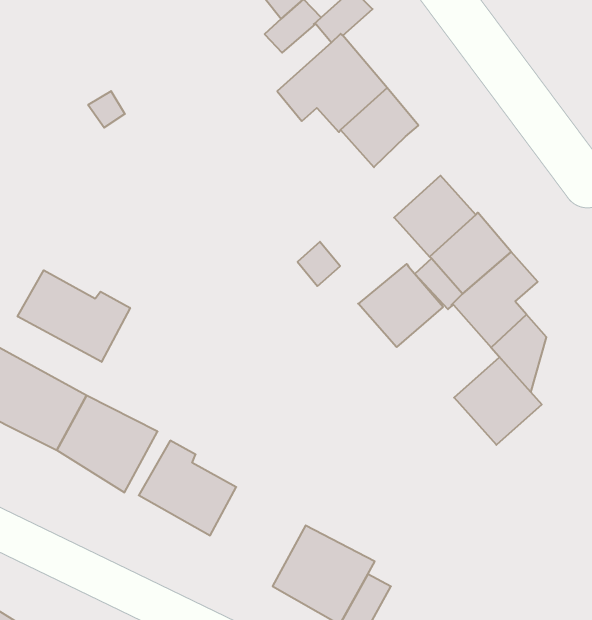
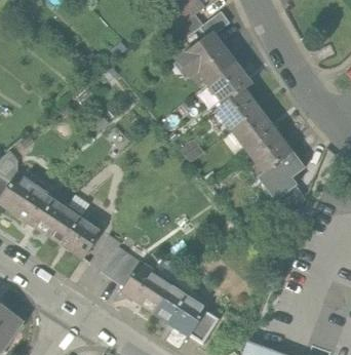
building: none -> [216,88,258,129]
building: [358,264,443,347] -> none
building: [18,270,130,362] -> none
building: [454,357,542,445] -> none
building: none -> [120,261,173,313]

